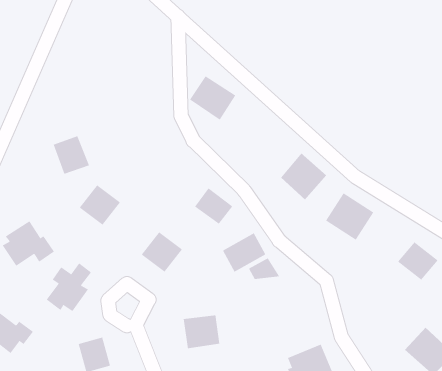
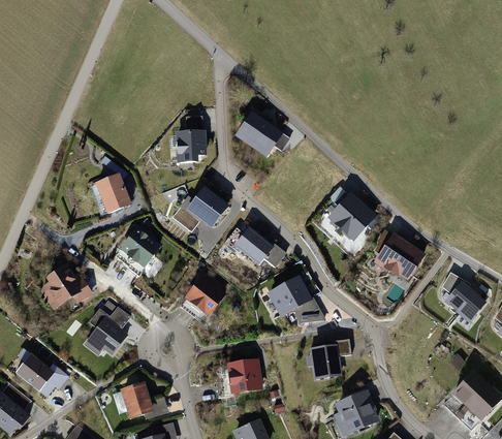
building: none -> [172,131,205,163]
building: none -> [189,187,232,229]
building: none -> [308,343,345,381]

